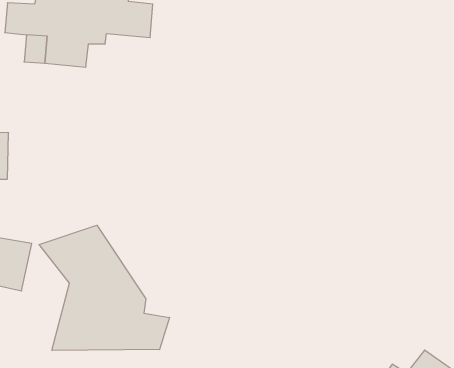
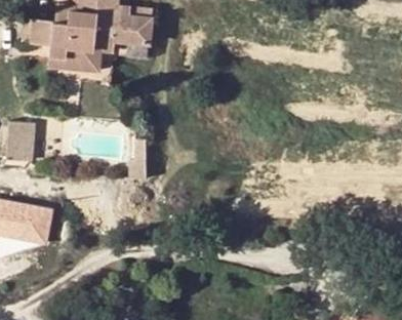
building: [39,225,170,350] -> none

